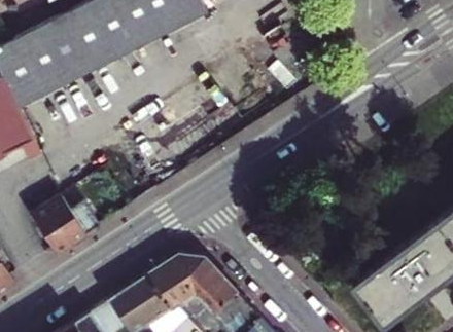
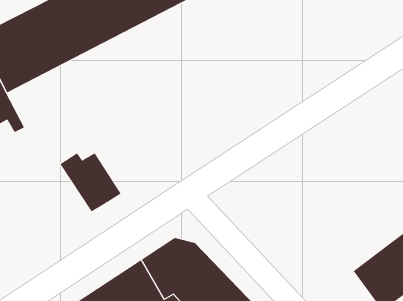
building: [24,194,84,253] -> [60,153,121,212]

